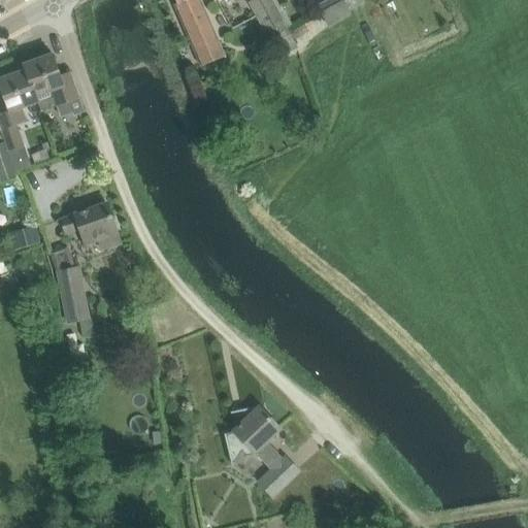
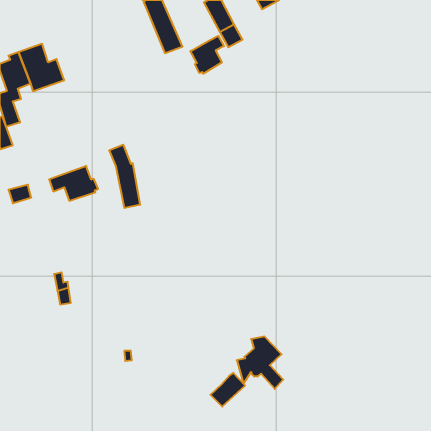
building: none -> [190,36,224,74]
building: [48,244,87,322] -> [109,145,140,208]
building: [224,406,280,470] -> [237,337,283,389]

